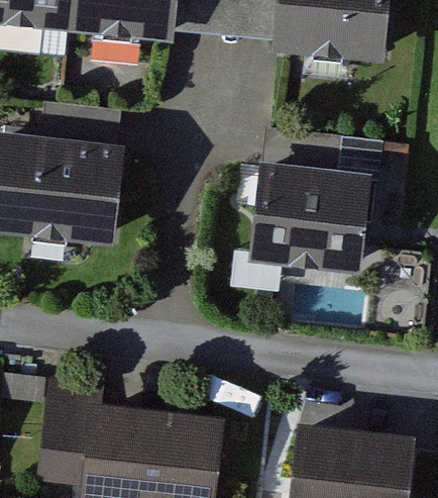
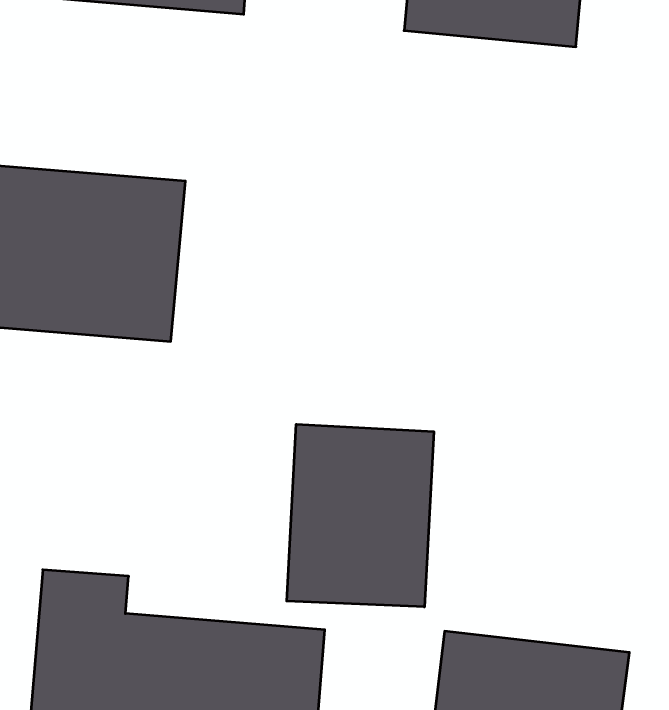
building: [260,164,379,269] -> none
building: none -> [287,424,434,607]

